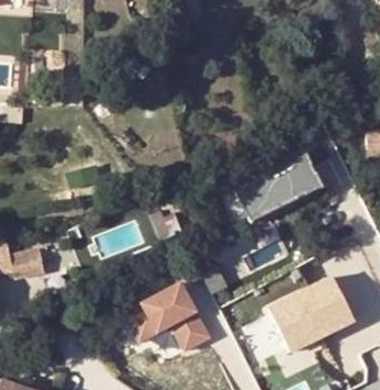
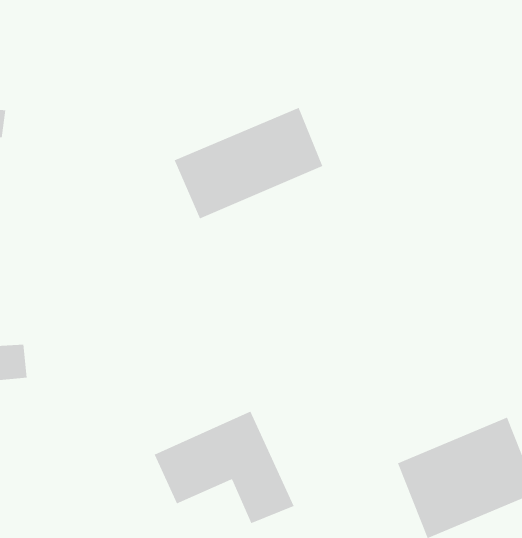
building: [234,149,323,220] -> [174,107,323,219]

